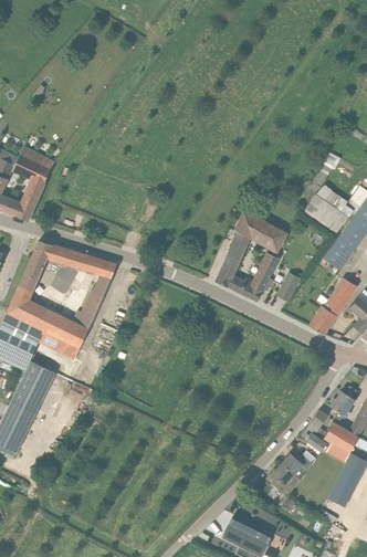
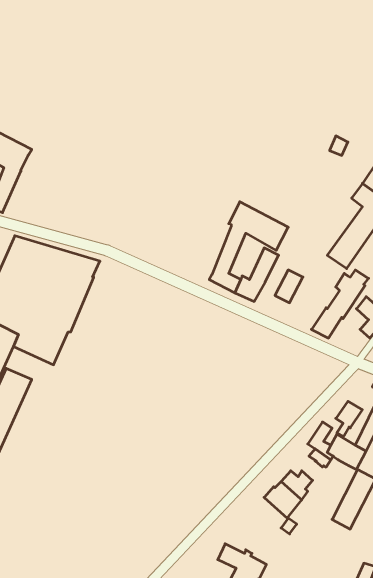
building: [298,190,348,234] -> none

